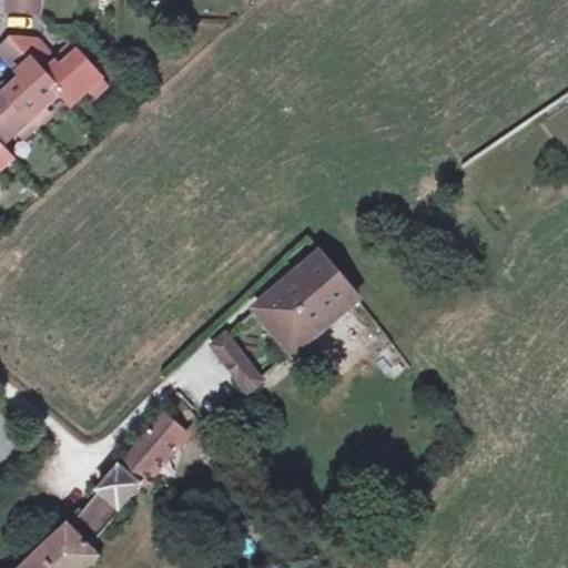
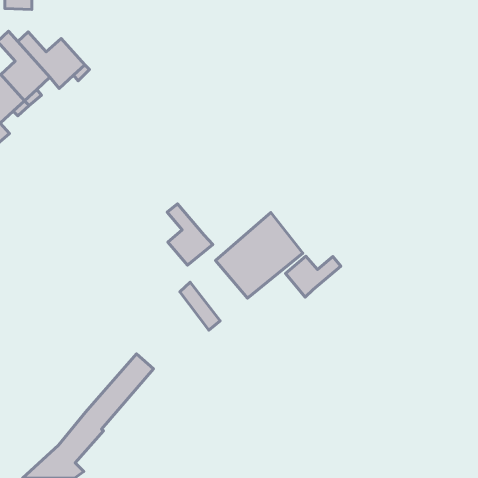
building: none -> [167,204,213,265]
building: none -> [285,256,341,297]

